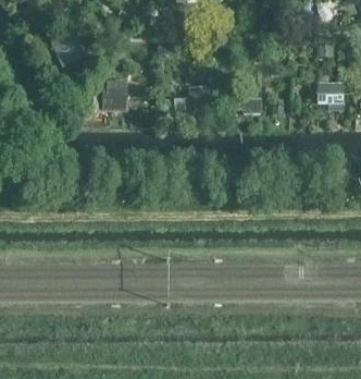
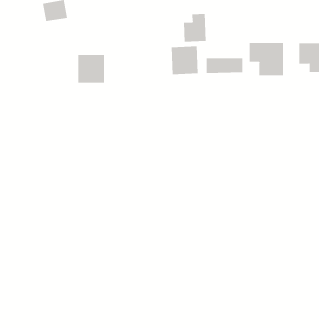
building: none -> [184,13,206,42]
building: none -> [249,42,283,76]

